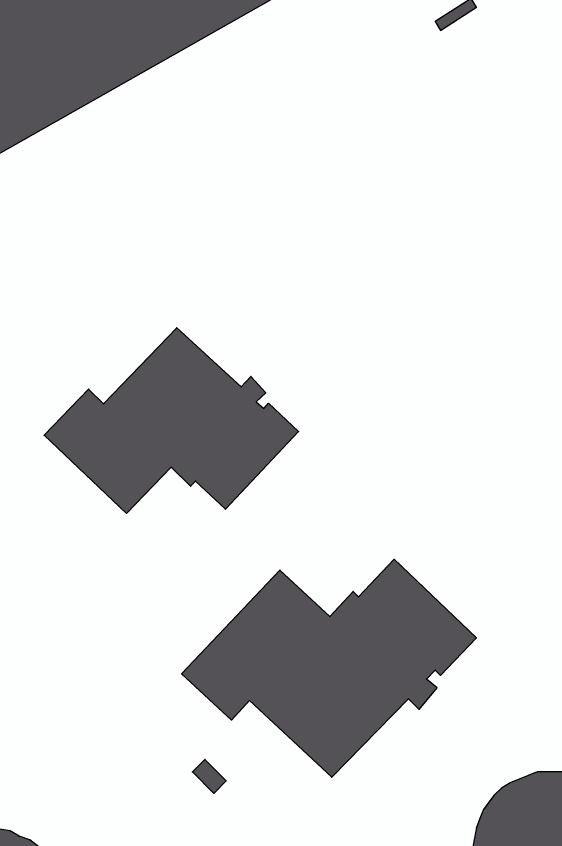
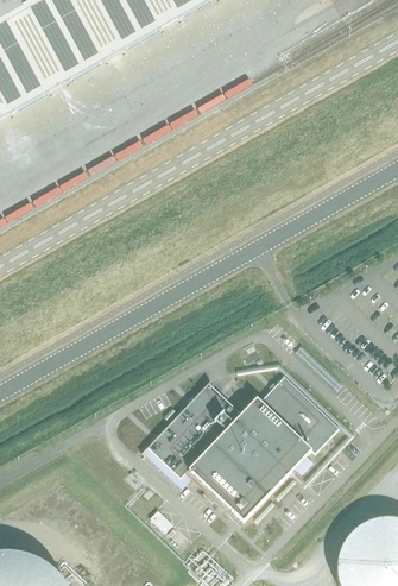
building: [44,328,299,513] -> none

